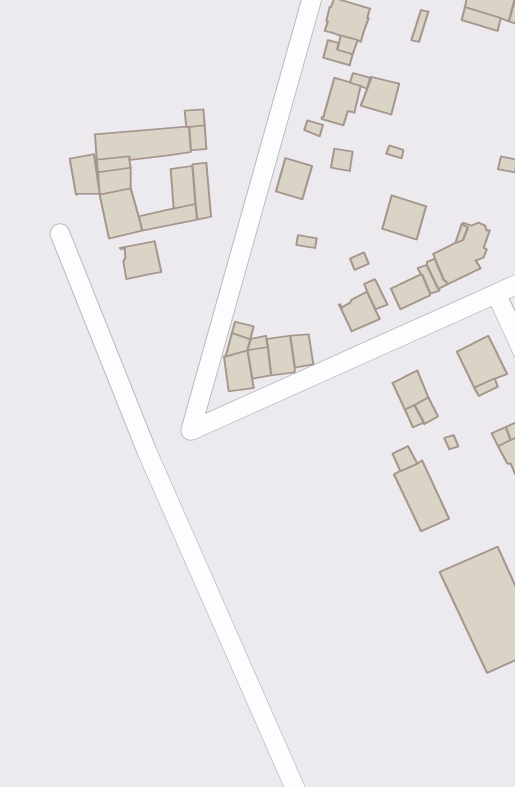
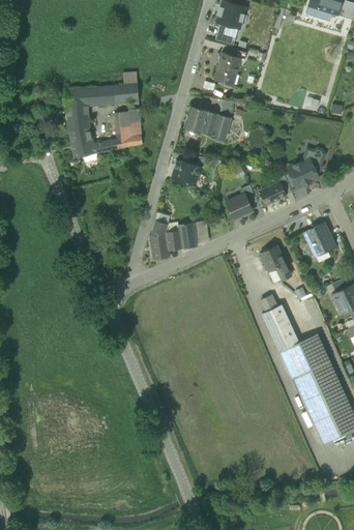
building: [361,77,399,115] -> none
building: [70,154,99,195] -> none
building: [382,195,426,239] -> [202,111,231,140]
building: none -> [172,159,201,185]
building: [120,241,161,279] -> none
building: none -> [279,334,330,378]

